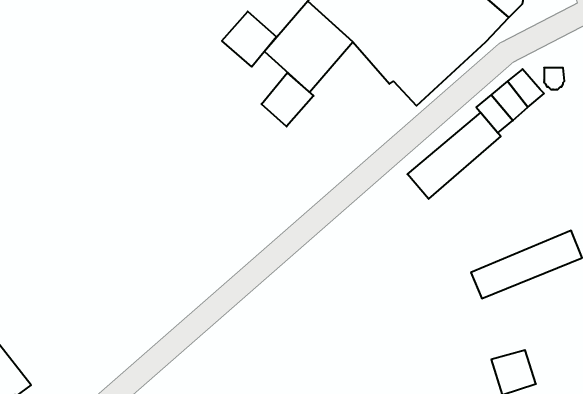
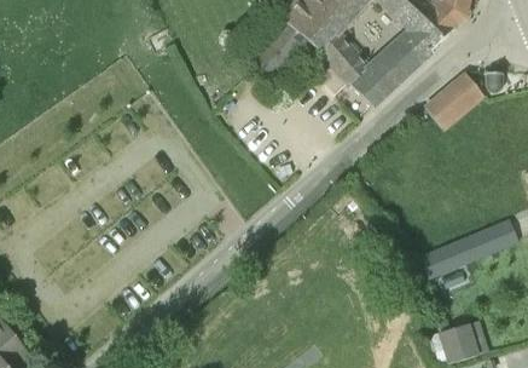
building: [222,11,276,67] -> none
building: [261,73,314,127] -> none
building: [407,112,501,199] -> none

